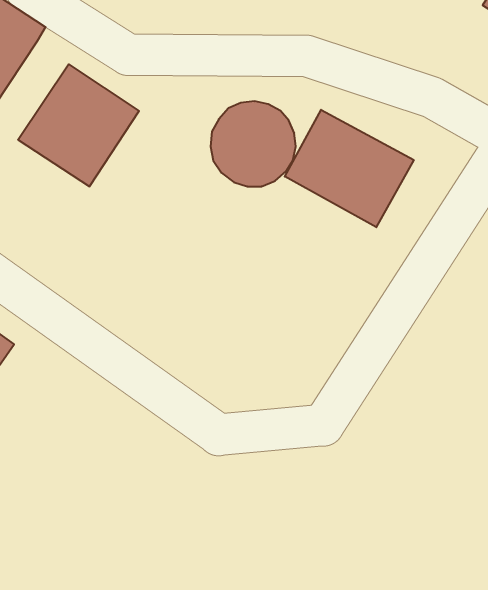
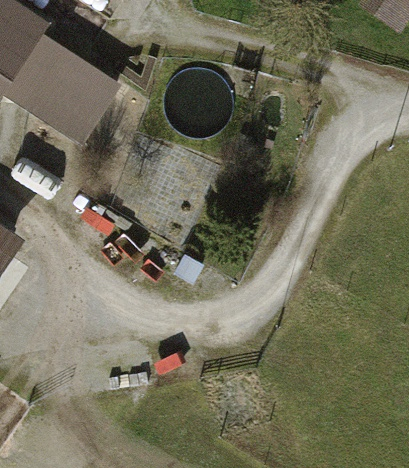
building: [285,110,414,227] -> none

